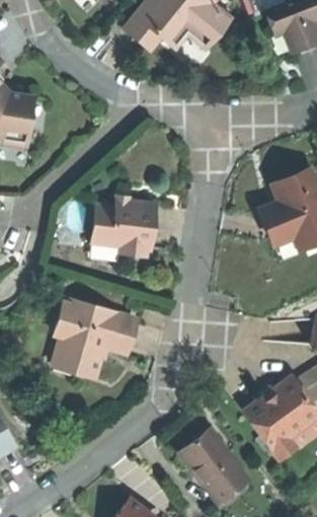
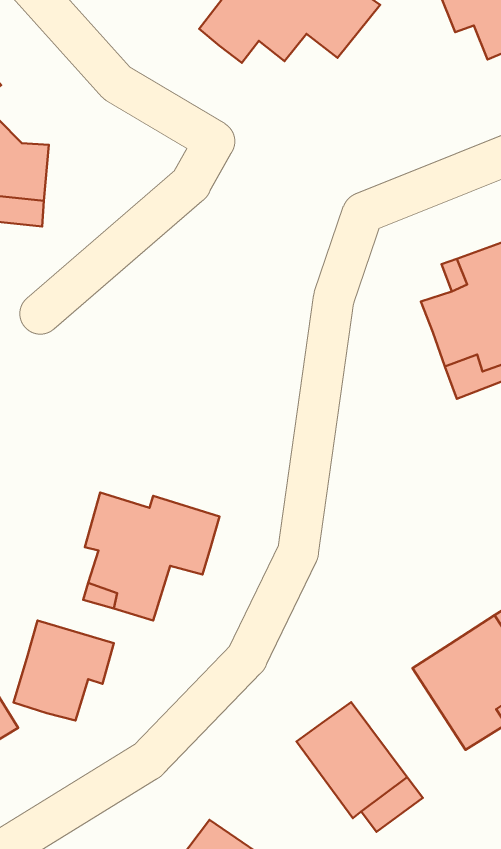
building: [90,196,155,257] -> none
building: none -> [13,621,114,721]

